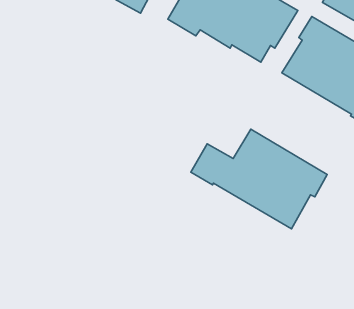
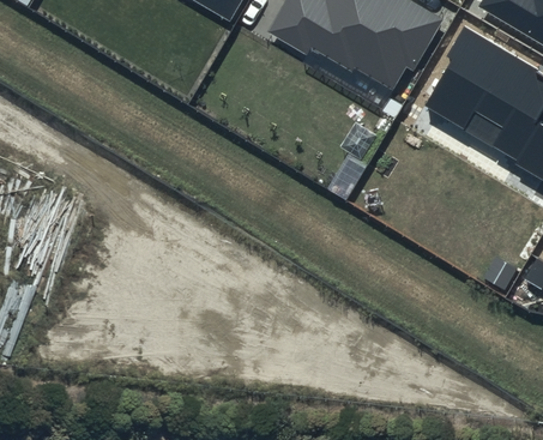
building: [191,129,327,229] -> none

